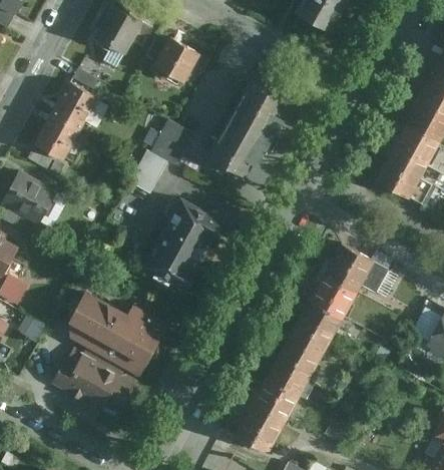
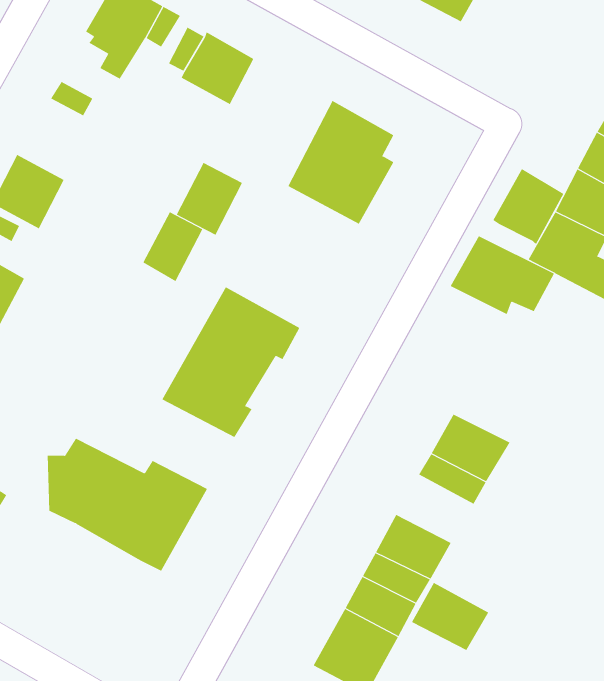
building: [50,82,96,129] -> none
building: none -> [493,168,564,245]
building: [207,133,266,176] -> none
building: [325,245,391,295] -> [450,235,555,315]
building: [289,315,338,358] -> [411,582,489,651]
building: [51,346,138,413] -> none

